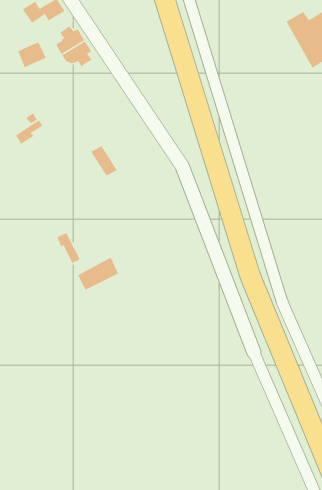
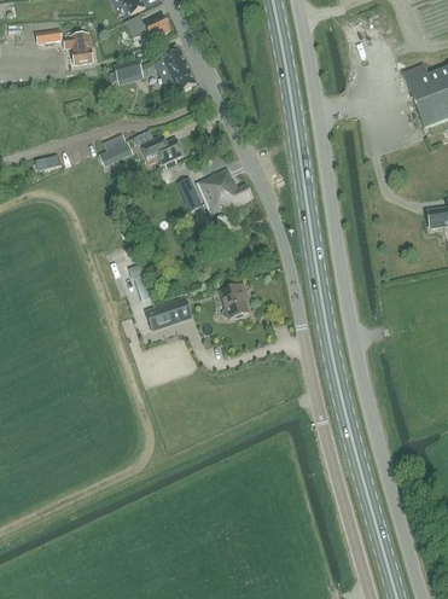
building: none -> [140,138,184,164]
building: none -> [196,169,252,216]
building: none -> [219,283,249,318]

